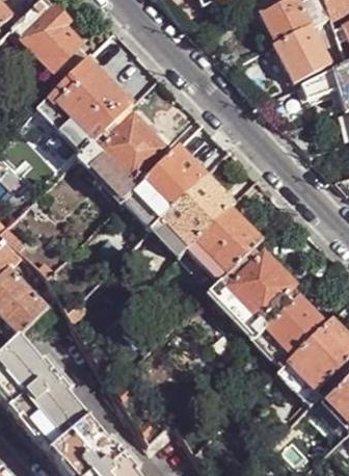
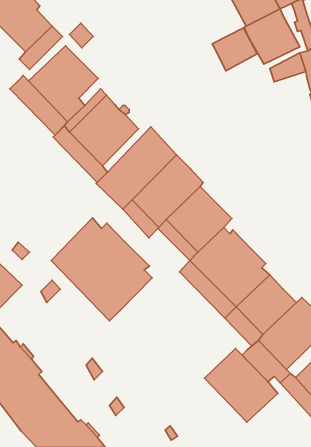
building: none -> [212,28,257,71]
building: none -> [51,218,152,321]
building: none -> [205,348,278,422]

